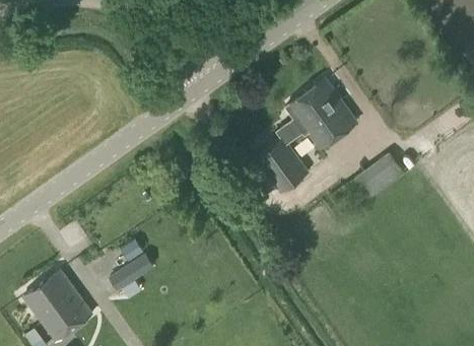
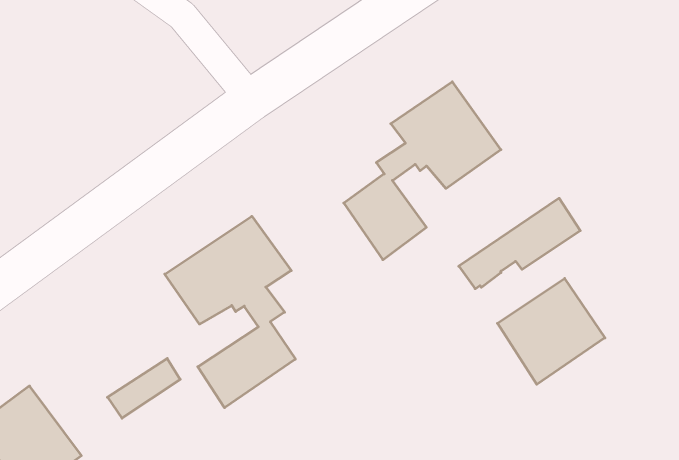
building: none -> [165,216,295,408]
building: none -> [497,278,605,384]

